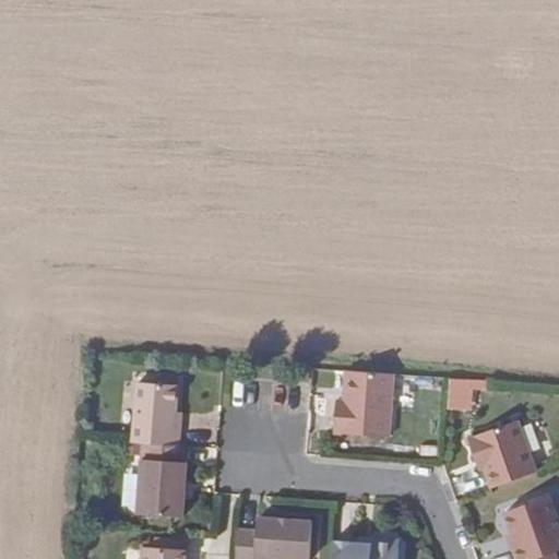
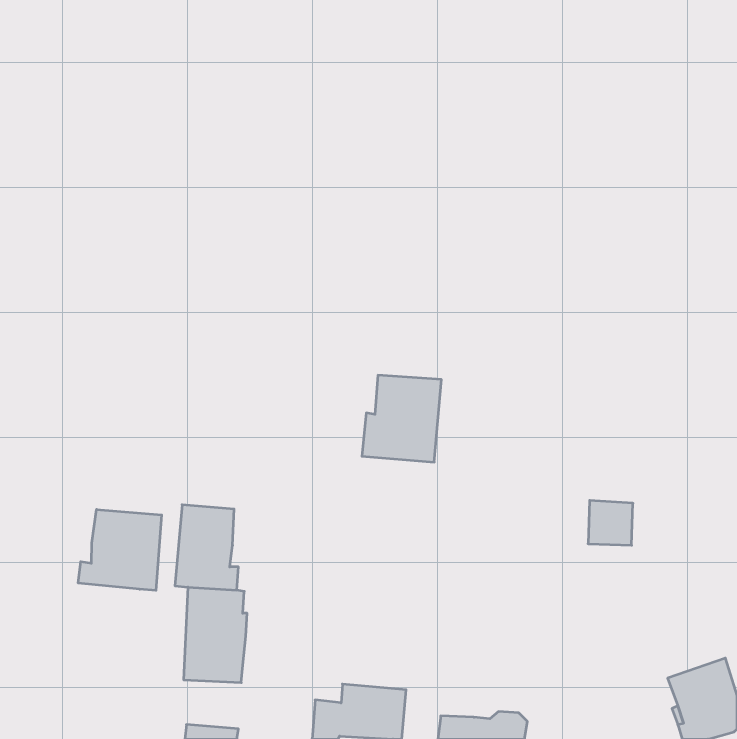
building: [334,371,394,437] -> [362,375,441,462]
building: none -> [78,509,162,590]
building: [468,420,536,488] -> none

